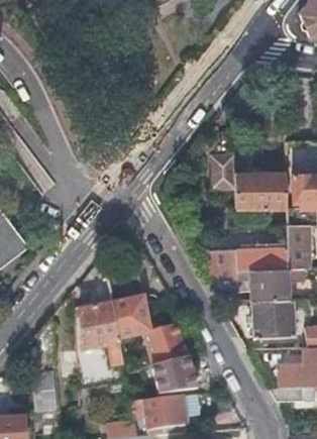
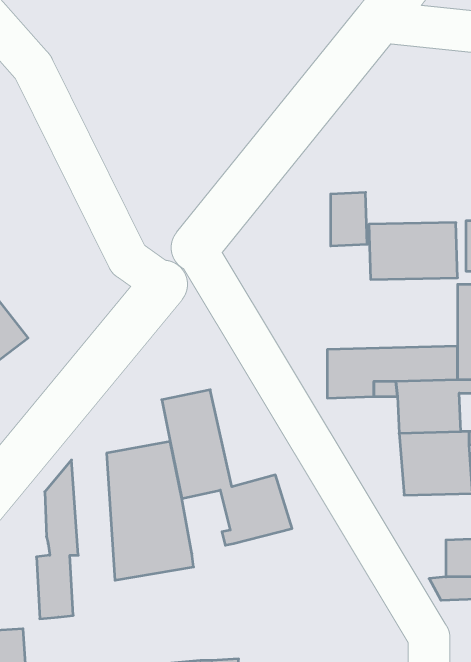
building: [152,356,197,393] -> none
building: [132,395,187,431] -> none

